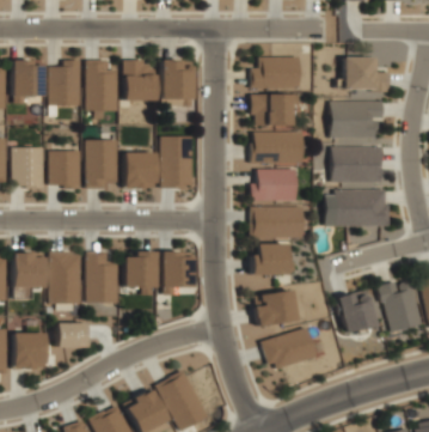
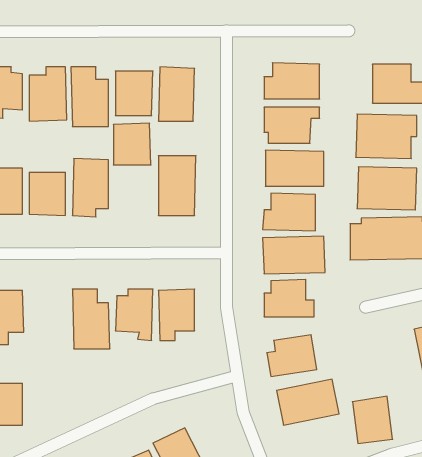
building: [123,151,155,187] -> [113,123,151,165]
building: [49,251,81,303] -> none
building: [339,290,374,330] -> [352,396,393,443]
building: [57,322,88,347] -> none

